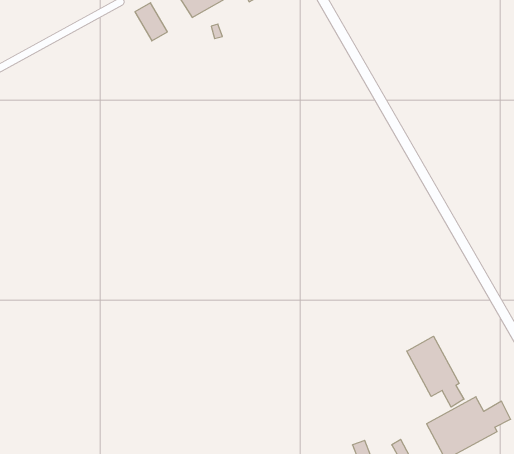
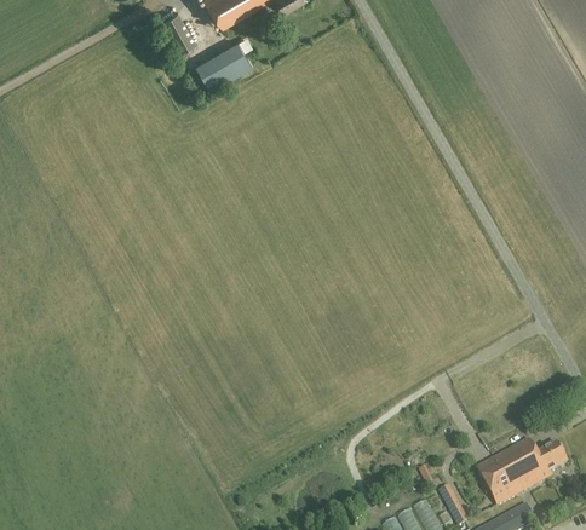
building: none -> [195,40,252,90]
building: [407,336,464,407] -> none

